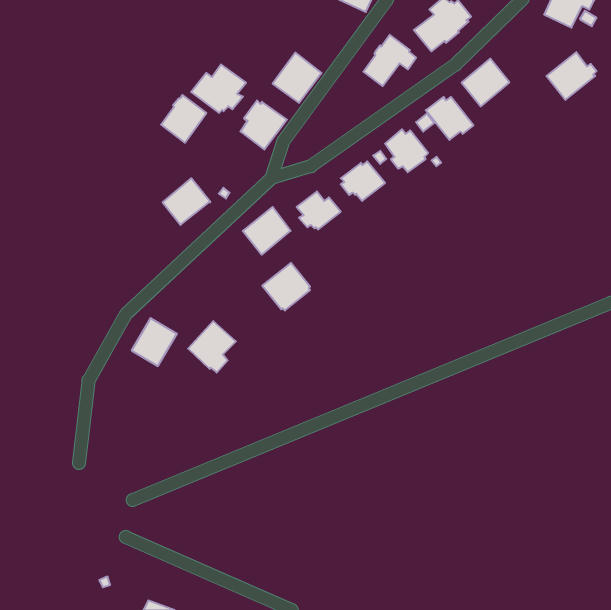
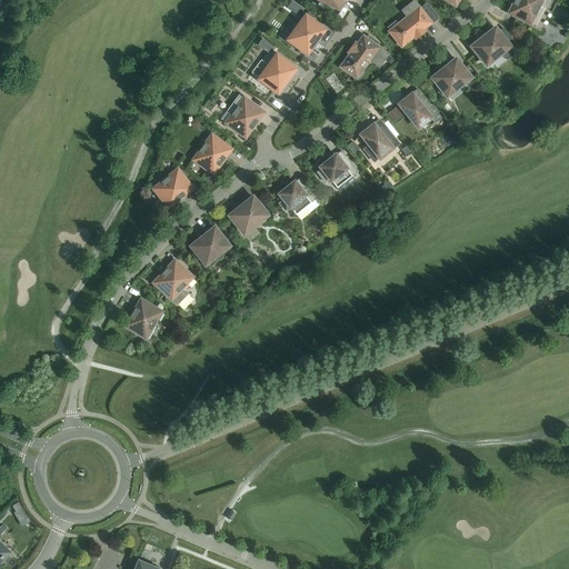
building: none -> [284,11,328,56]
building: [546,52,597,100] -> [468,23,515,68]
building: [191,64,246,113] -> none
building: [161,95,206,143] -> [191,131,233,176]
building: [262,263,310,311] -> [188,223,232,268]
building: [188,321,236,373] -> [151,257,196,305]

